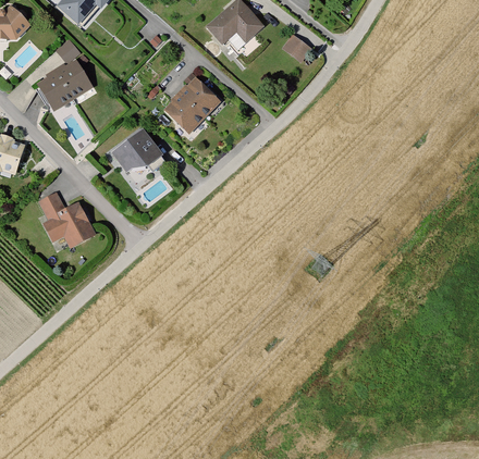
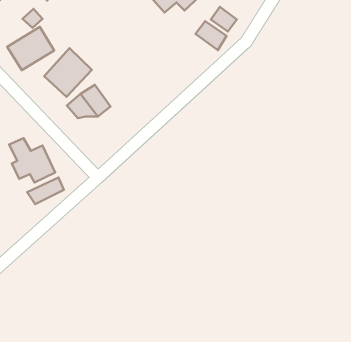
building: none -> [195,21,226,50]
building: [164,73,222,132] -> [44,48,92,97]
building: none -> [27,177,64,204]

